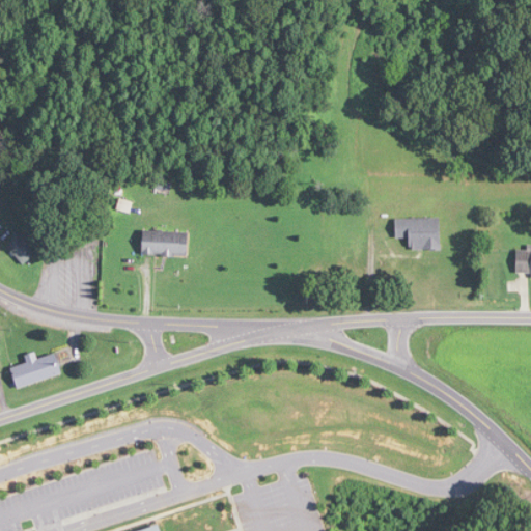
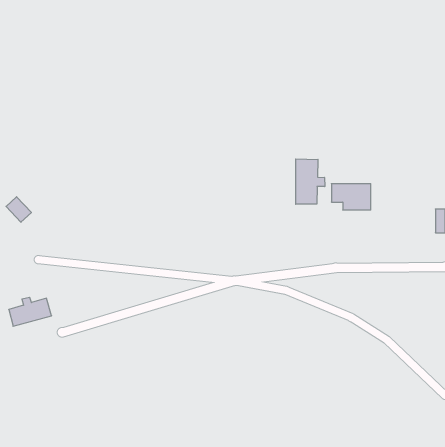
building: none -> [296,159,325,204]
building: [141,229,189,256] -> none

